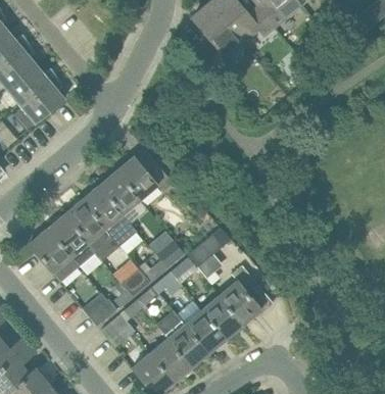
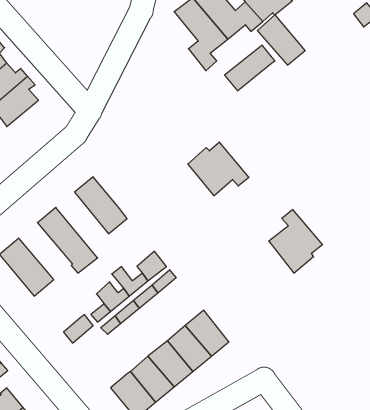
building: none -> [257,15,305,65]
building: none -> [225,45,275,91]
building: [115,150,173,200] -> [188,142,249,196]
building: [81,185,136,246] -> none
building: [46,213,96,266] -> none
building: [187,226,231,265] -> none
building: [219,265,269,325] -> [269,210,322,273]
building: [100,314,134,347] -> none

